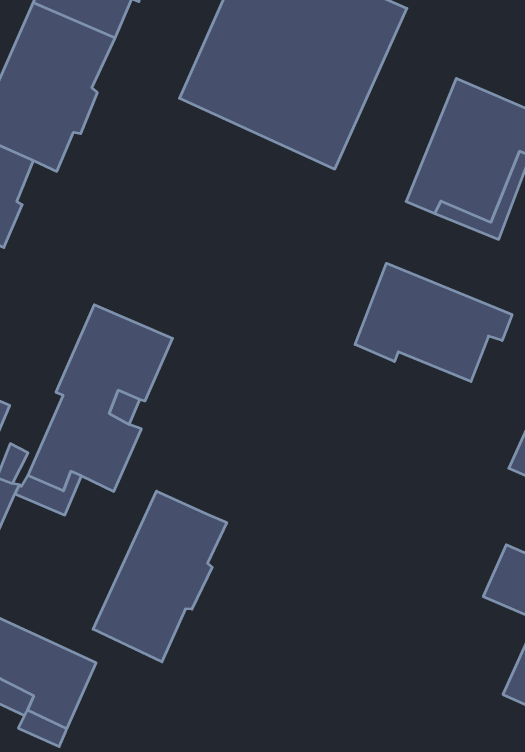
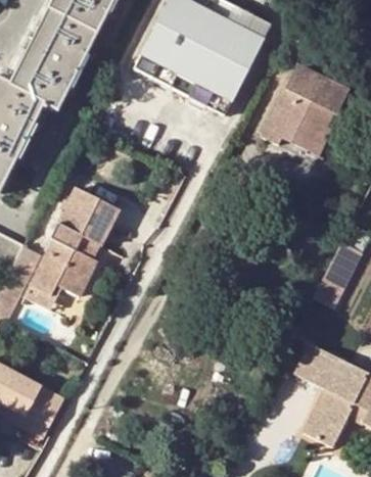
building: [355,263,512,382] -> none
building: [93,491,227,662] -> none

